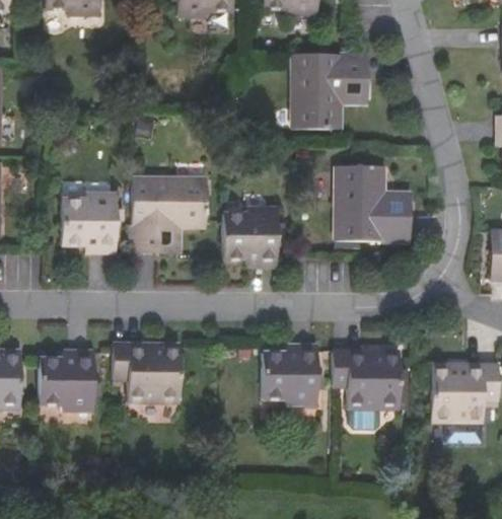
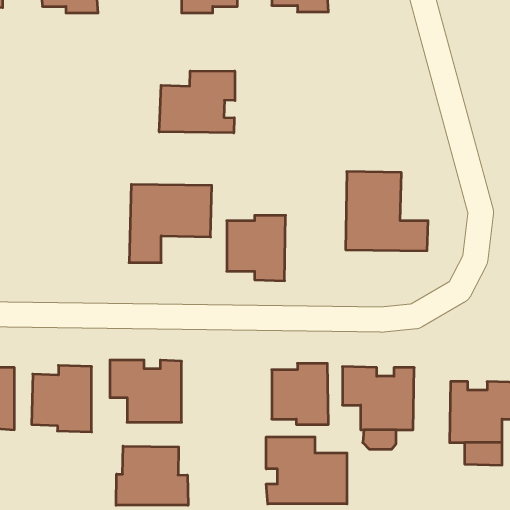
building: [291,54,367,129] -> none
building: none -> [159,71,235,133]
building: [62,193,117,252] -> none
building: none -> [266,437,347,504]
building: none -> [116,446,188,505]

